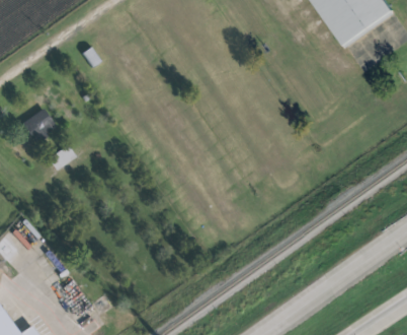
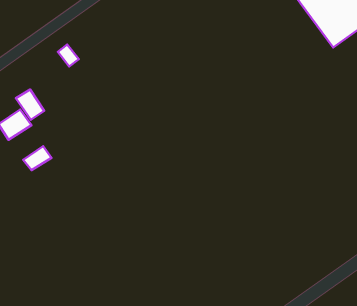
building: none -> [16,90,44,120]

